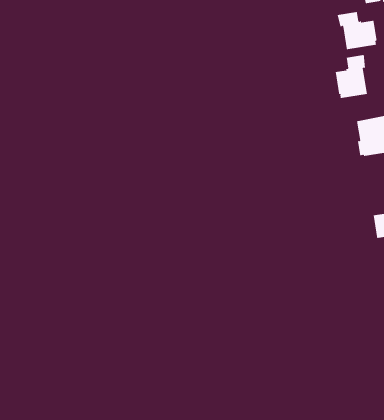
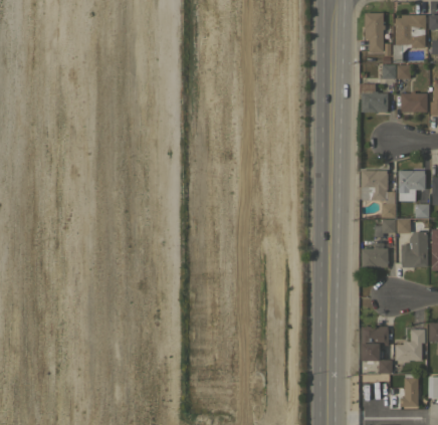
building: [335,54,367,99] -> none

